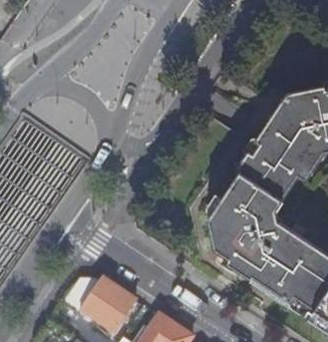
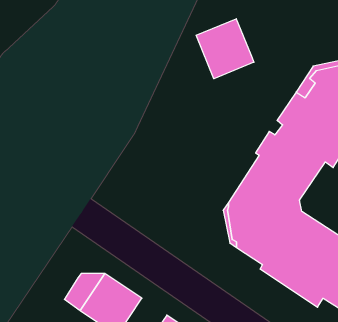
building: none -> [196,19,254,79]

